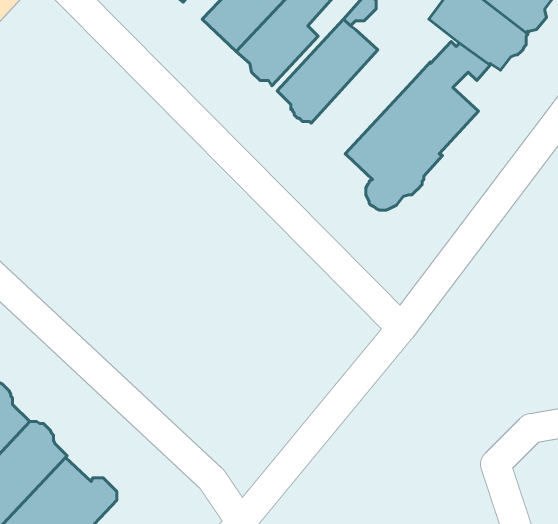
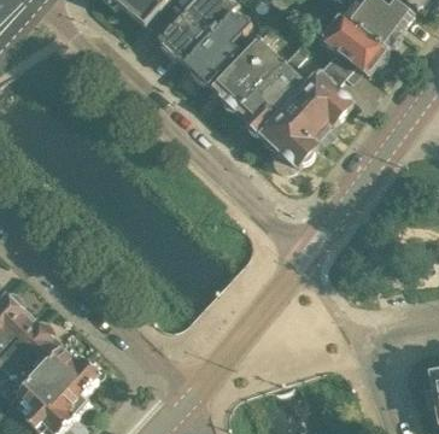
building: none -> [234,41,305,131]

